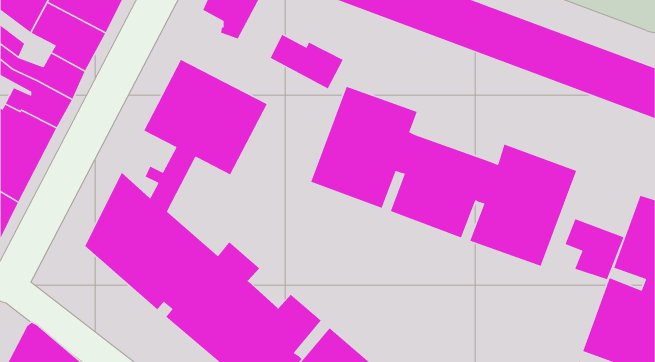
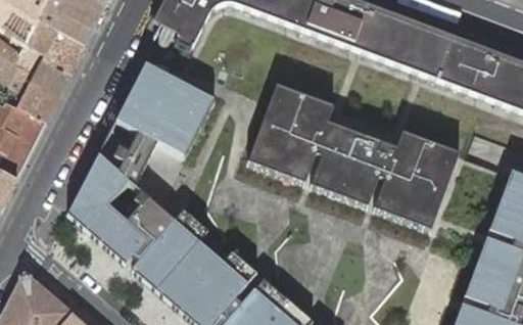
building: [269,34,344,89] -> none
building: [564,218,625,280] -> none

